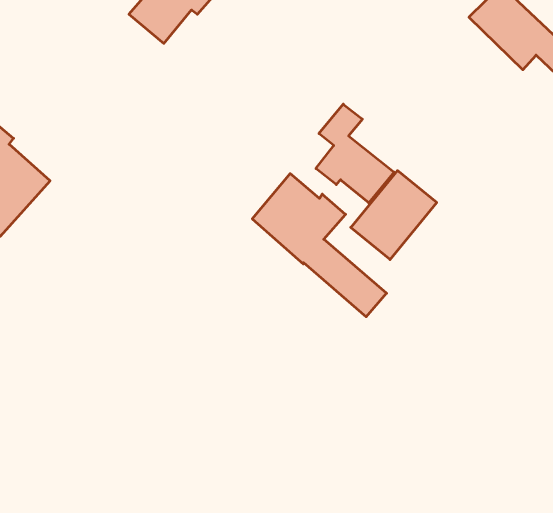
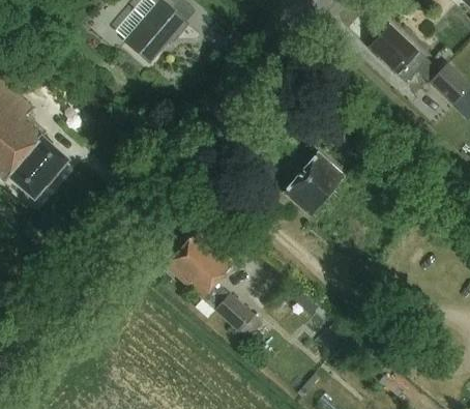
building: [316,104,394,203] -> none
building: [252,174,387,317] -> [165,230,260,331]

